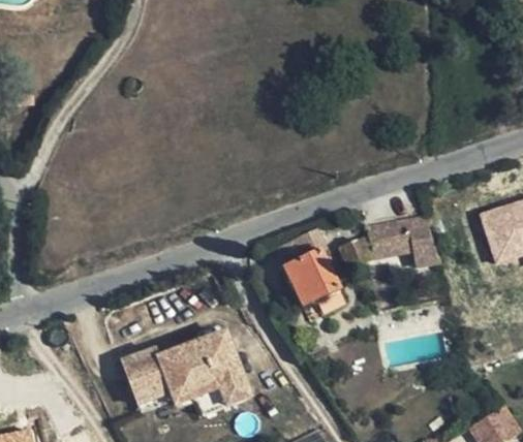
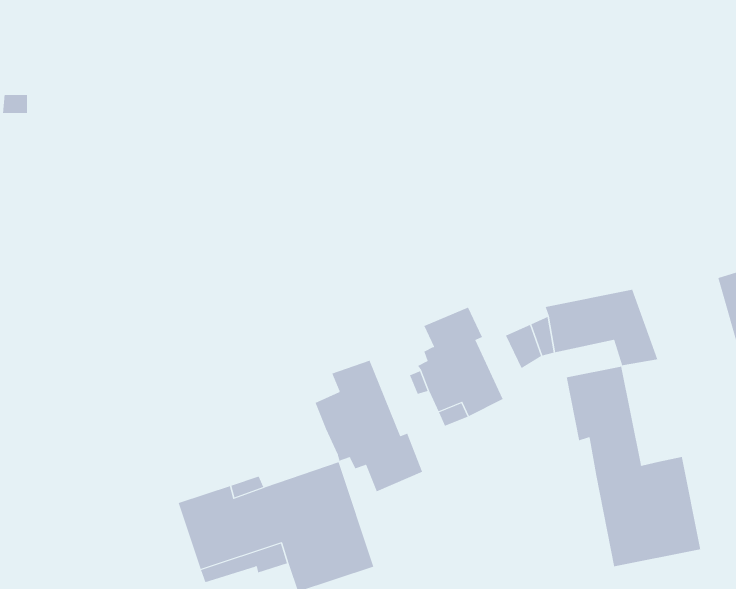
building: none -> [315,360,423,492]
building: none -> [566,366,701,567]

